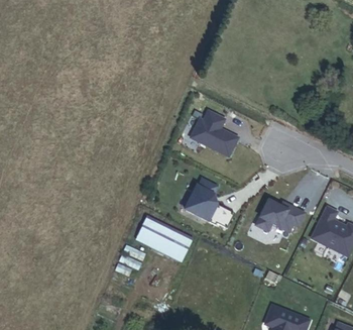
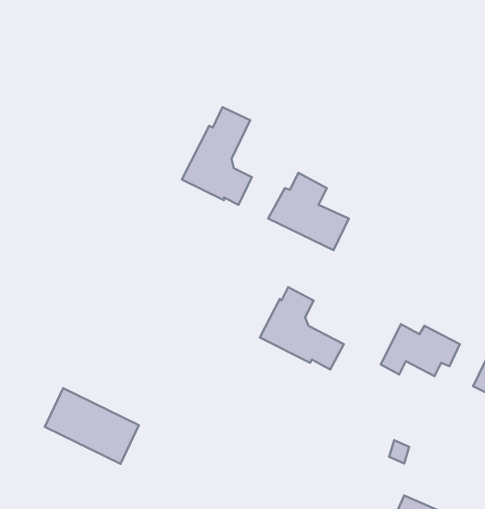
building: none -> [182,107,252,205]
building: [136,214,193,259] -> [45,388,139,464]

